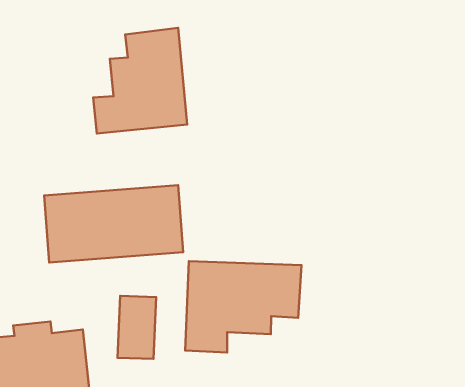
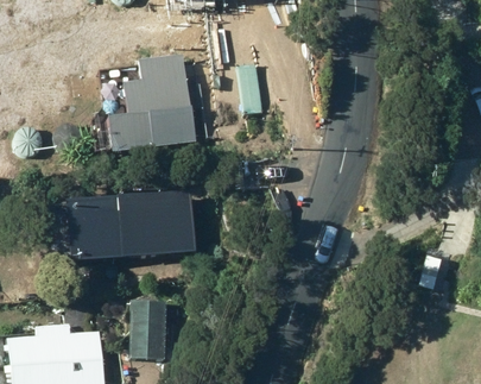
building: [185,261,302,353] -> none

